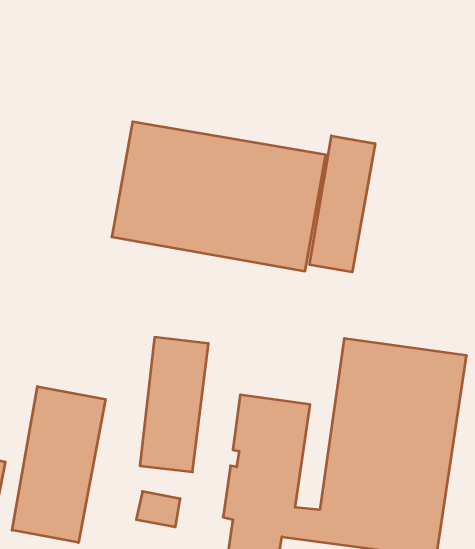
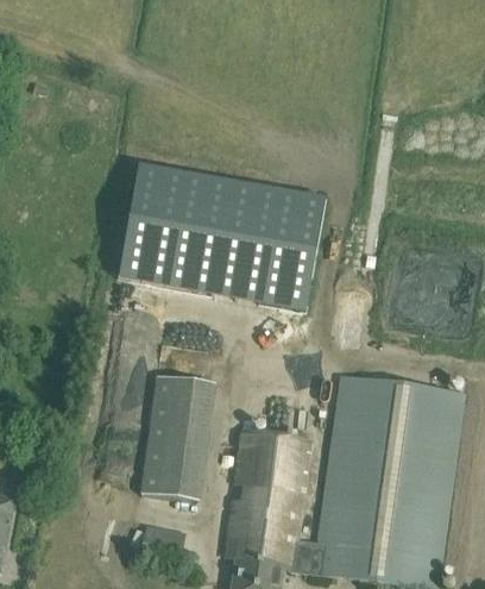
building: [310,136,375,272] -> none
building: [12,386,105,543] -> none

